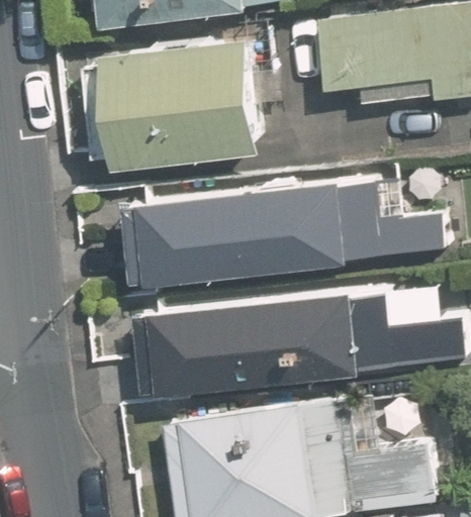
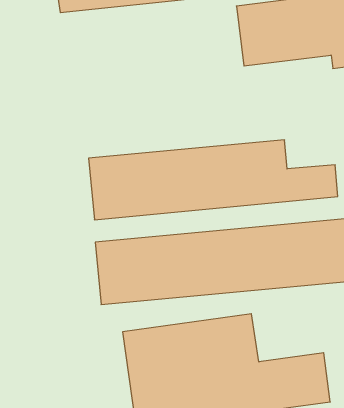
building: [95,39,254,166] -> none

